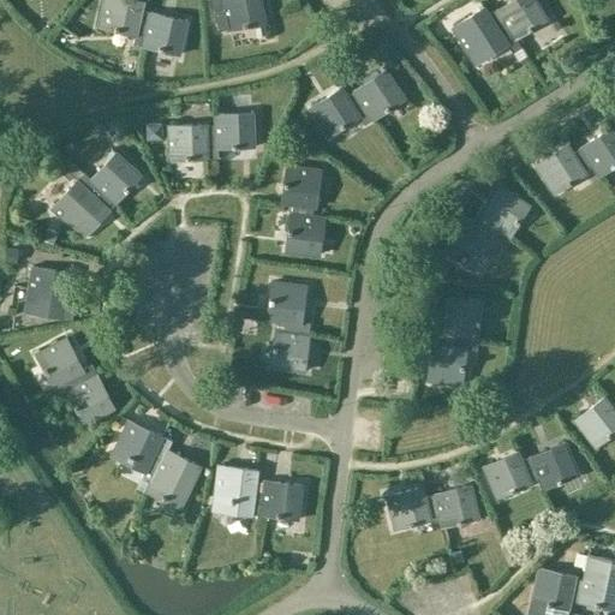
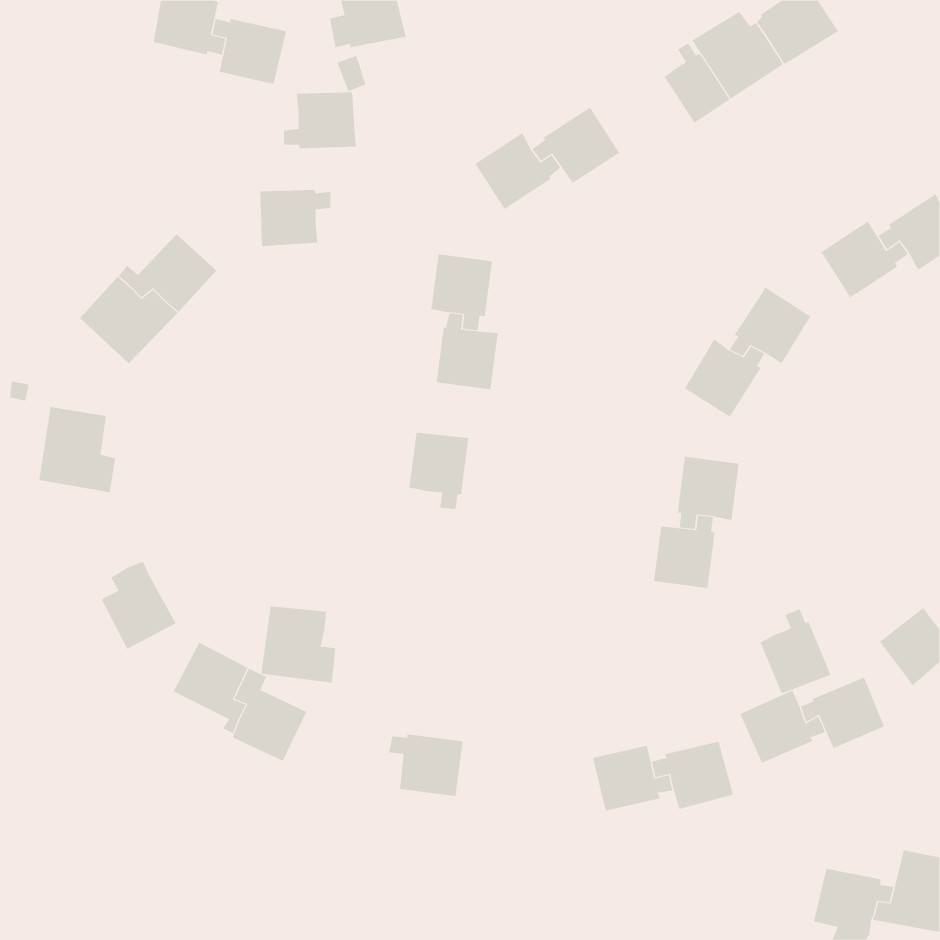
building: none -> [664,42,730,123]
building: [207,112,255,149] -> [283,92,357,149]
building: [270,321,310,371] -> none
building: [35,338,84,387] -> none
building: none -> [760,608,831,694]
building: [214,465,263,515] -> [261,606,336,683]

